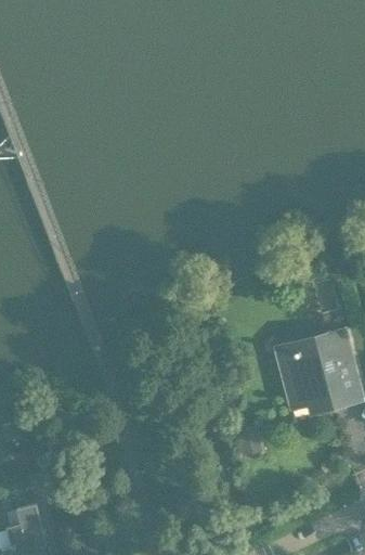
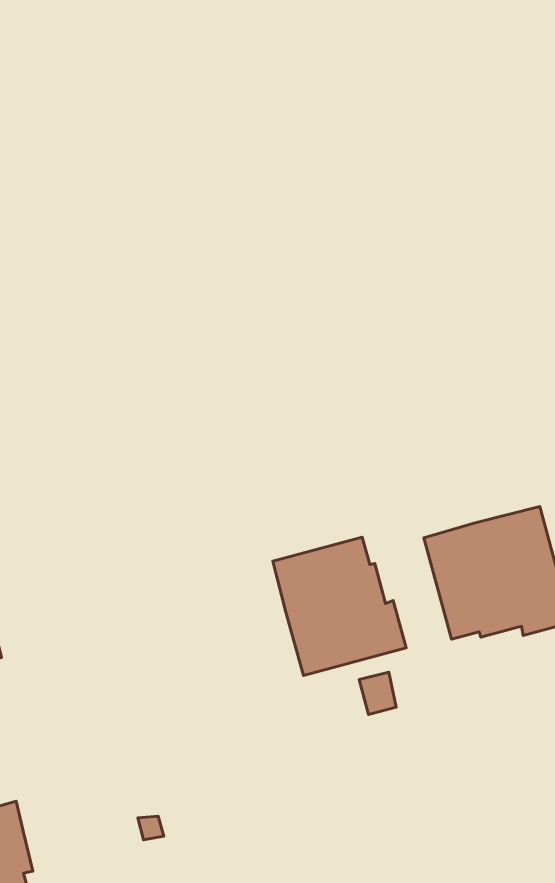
building: none -> [273,537,406,675]

